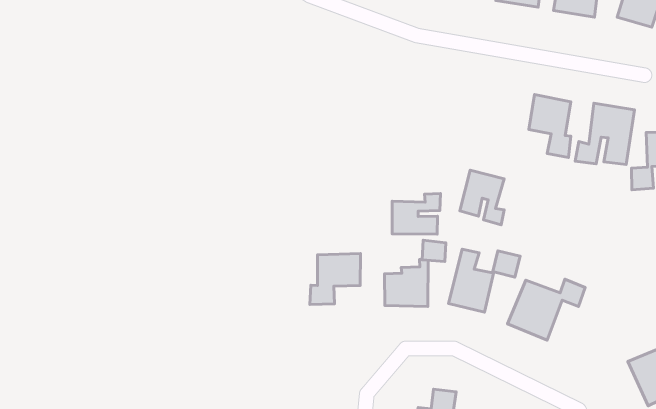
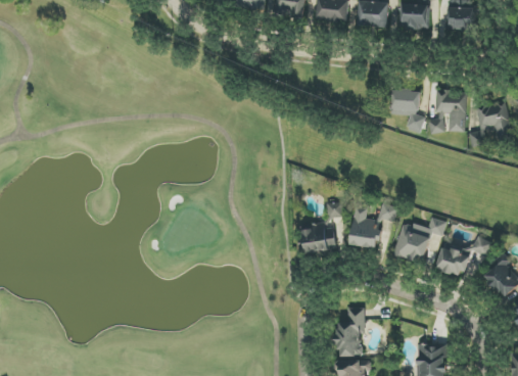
building: [460,170,504,225] -> none
building: [392,194,440,234] -> none
building: [310,254,360,304] -> none
building: none -> [434,236,491,278]

